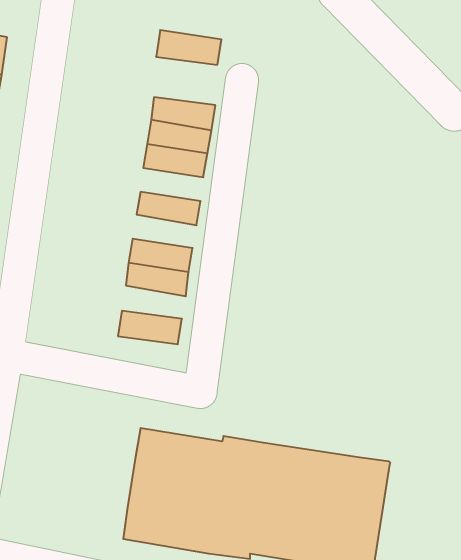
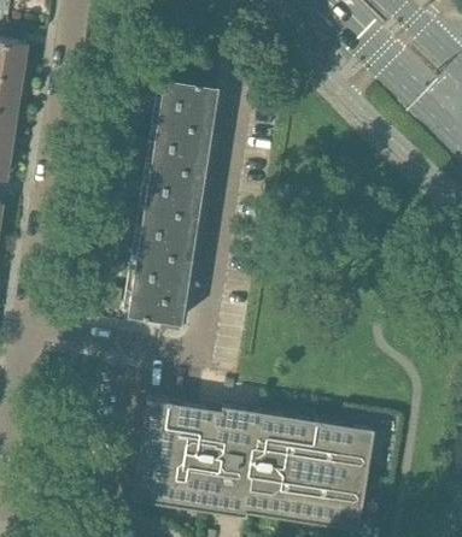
building: [156,30,221,65] -> [159,77,218,108]
building: none -> [147,165,204,195]
building: none -> [140,207,198,237]
building: none -> [130,271,188,301]

